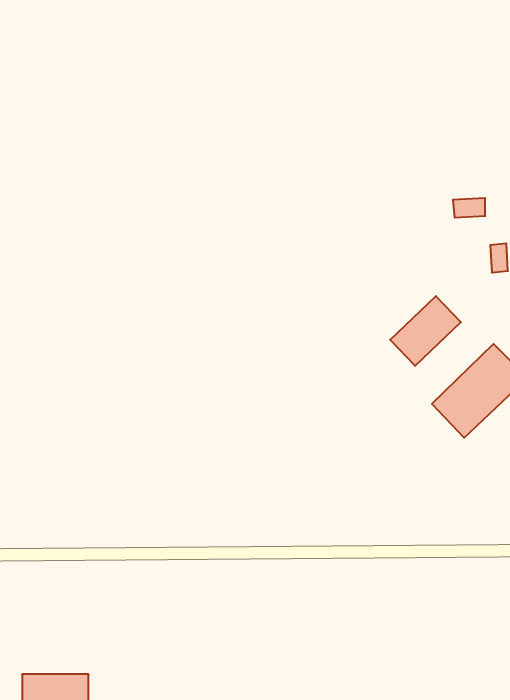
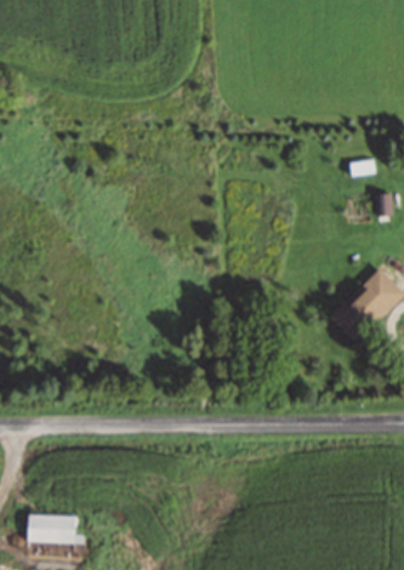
building: [390,296,461,366] -> none

